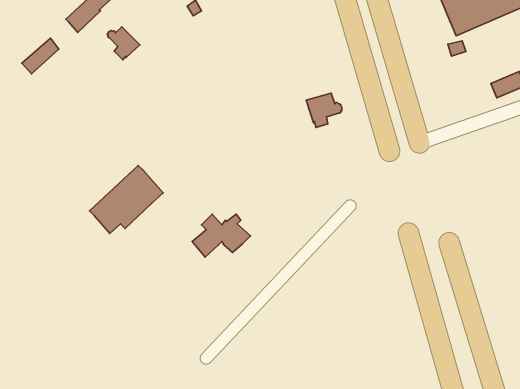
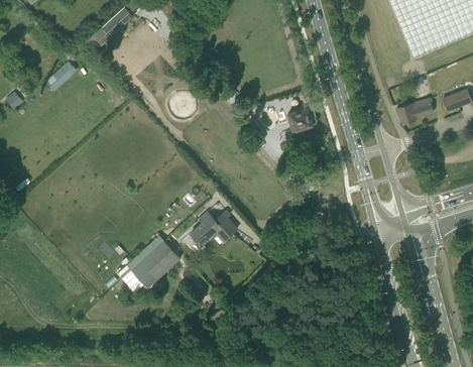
building: [107,27,140,60] -> none
building: none -> [397,98,434,124]
building: [89,166,163,233] -> [118,235,181,292]

